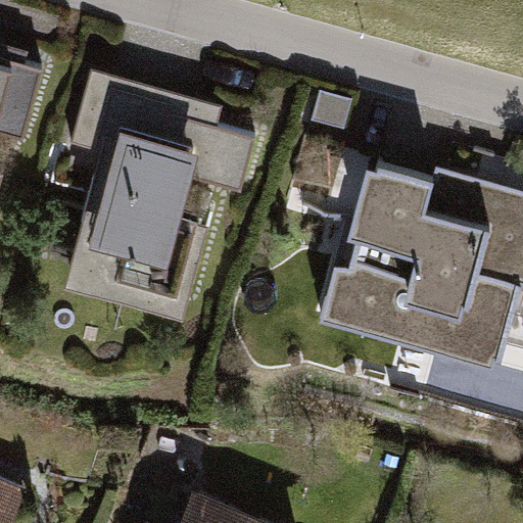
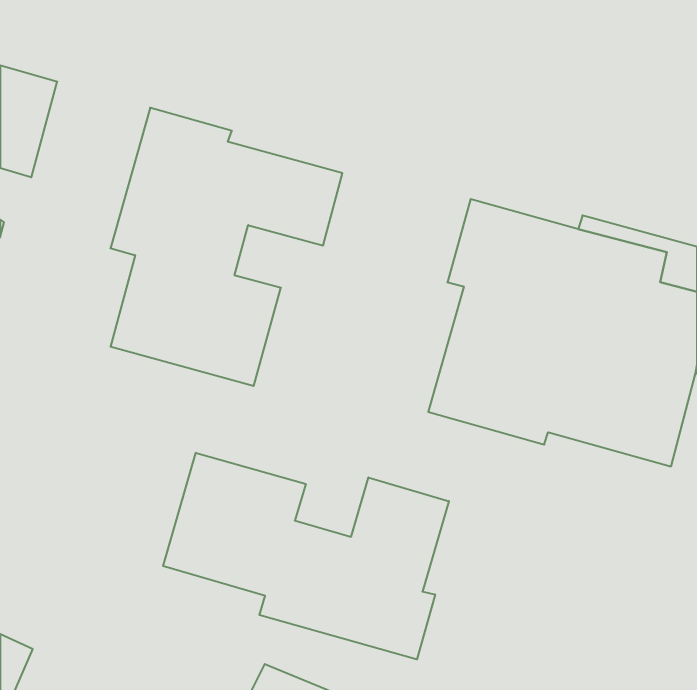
building: none -> [163,453,449,659]

